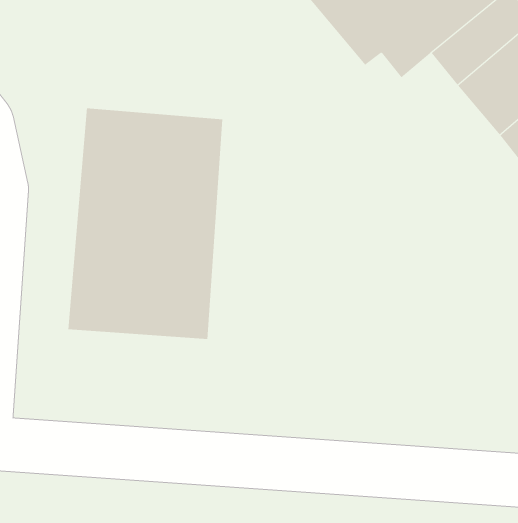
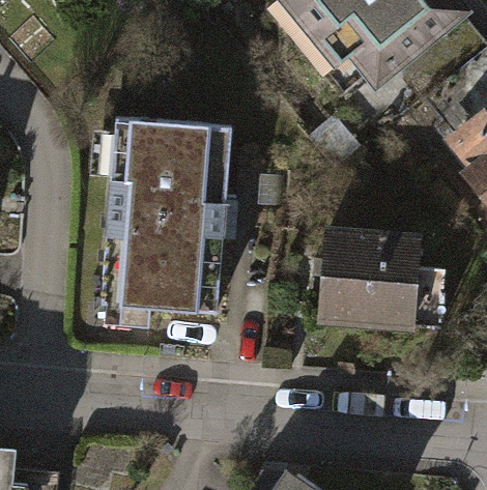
building: none -> [320,233,441,323]

